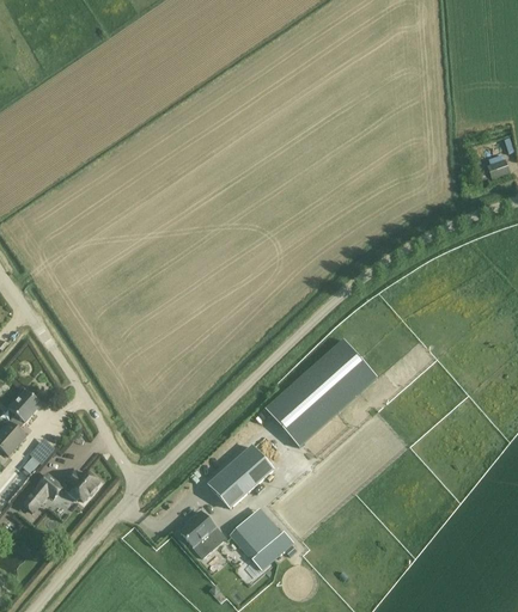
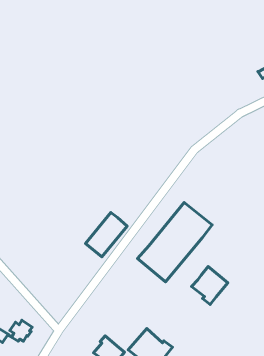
building: none -> [191,267,228,304]
building: [208,446,272,507] -> [85,213,127,257]

